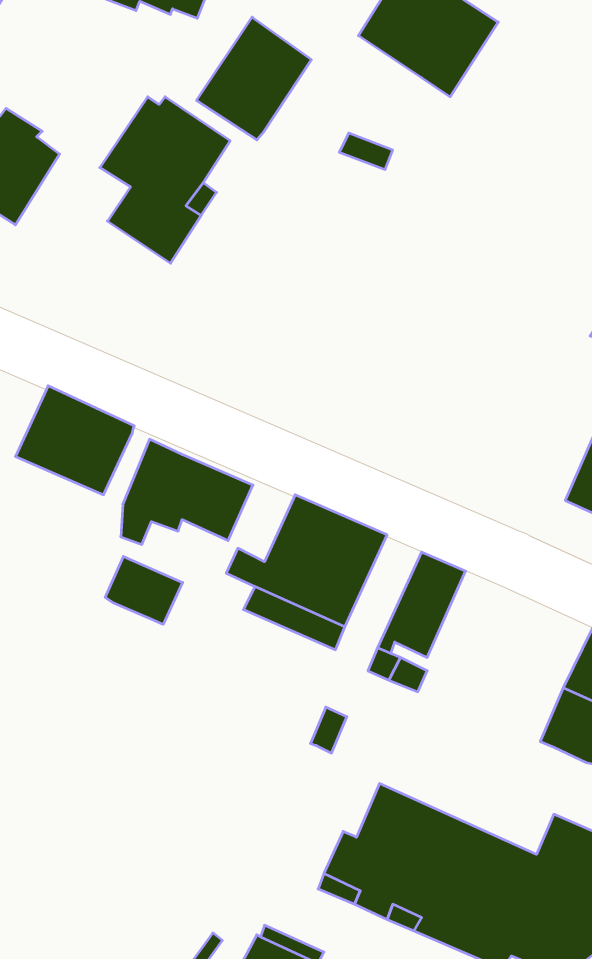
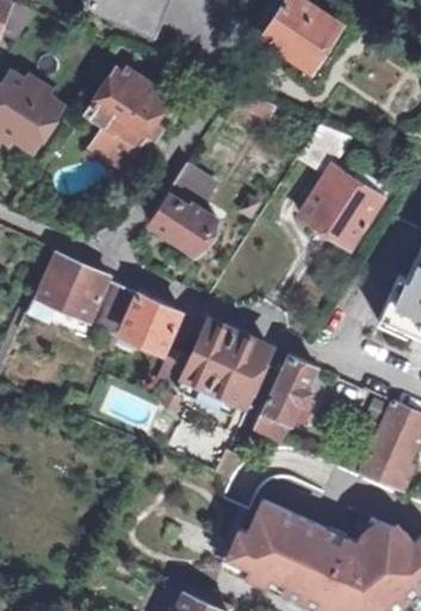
building: [197,17,311,140] -> none
building: none -> [299,128,384,249]
building: none -> [149,167,218,254]
building: [105,556,183,624] -> none

